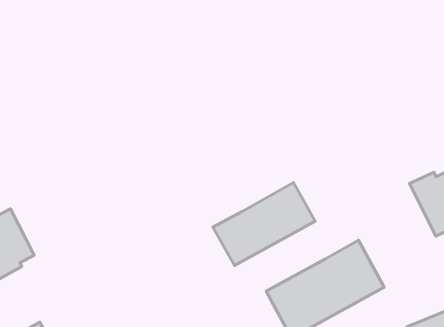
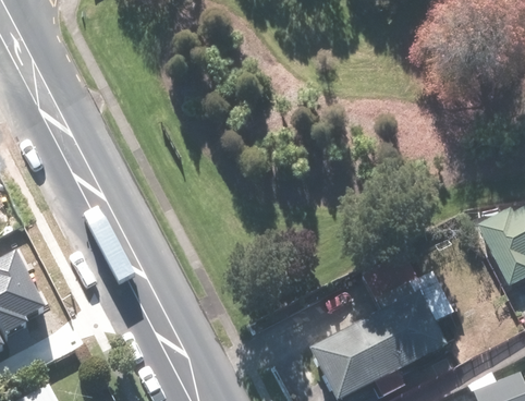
building: [213,183,315,266] -> none

